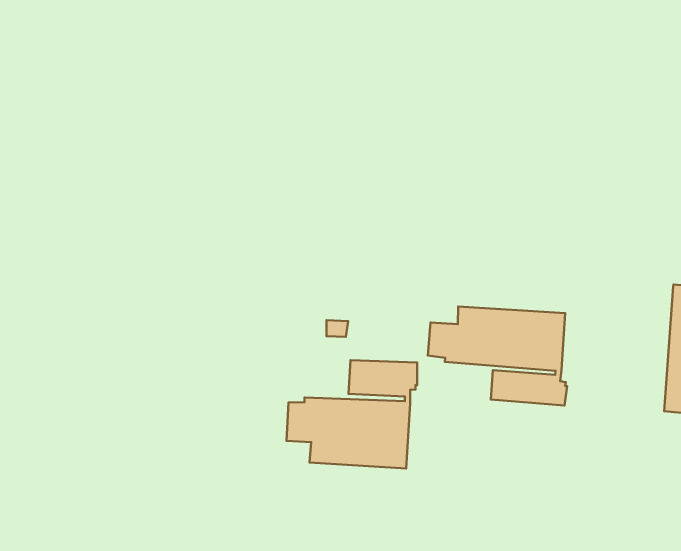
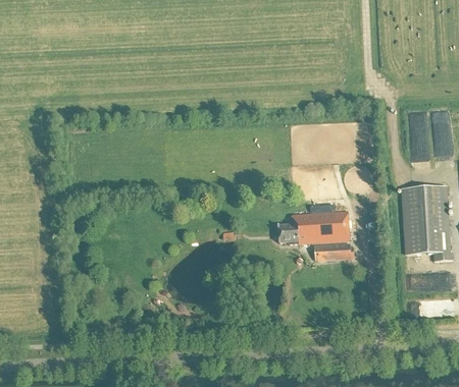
building: [287,360,417,469] -> none

